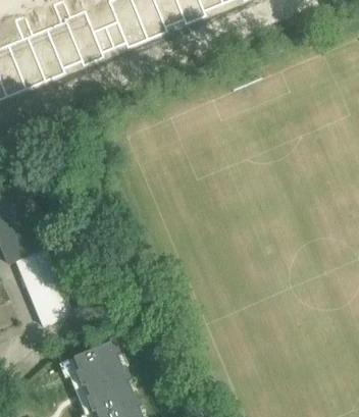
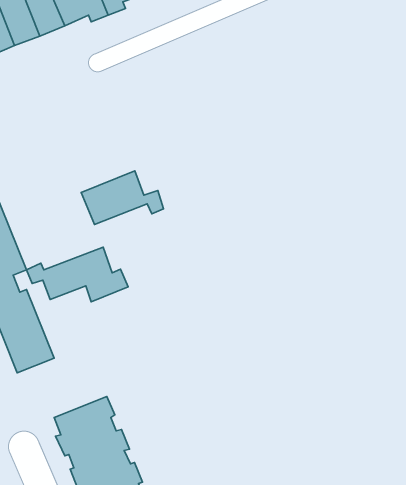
building: none -> [81,171,164,224]
building: none -> [26,247,128,302]

